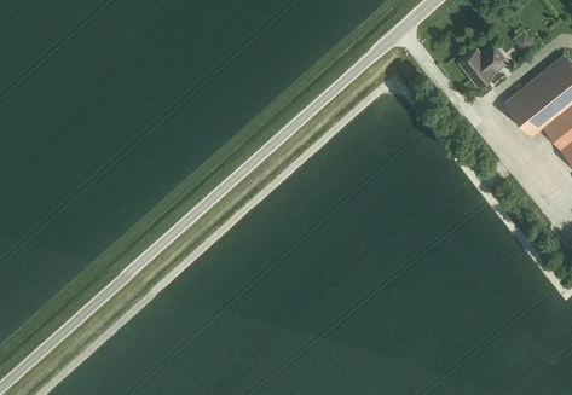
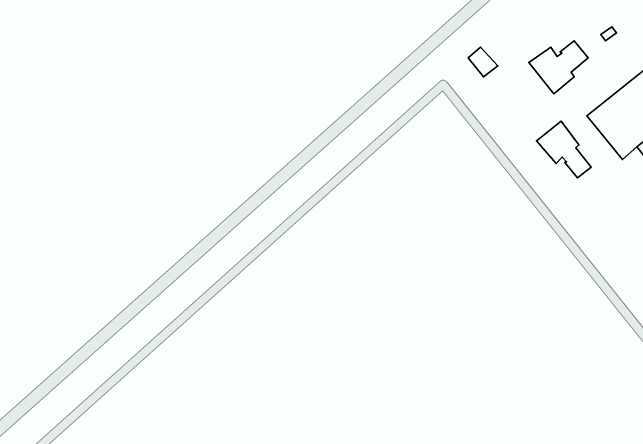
building: none -> [537,121,591,178]

